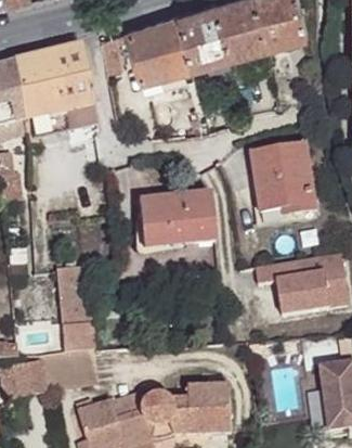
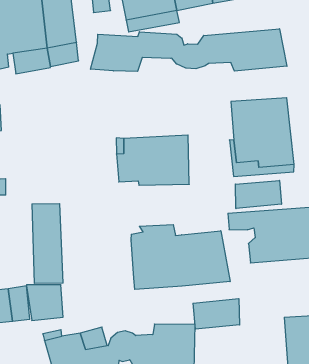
building: none -> [91,29,287,71]
building: none -> [235,180,281,209]
building: none -> [131,225,230,289]
building: none -> [193,299,240,329]

